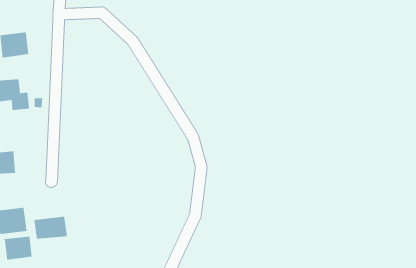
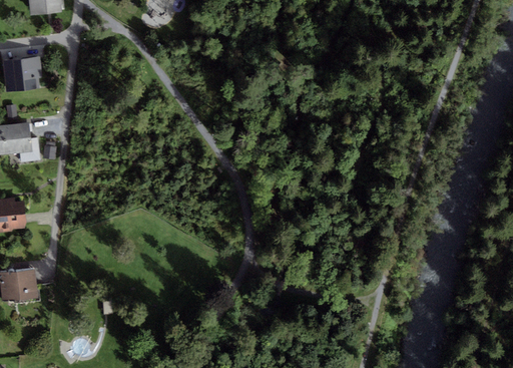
building: [34,216,67,240] -> none
building: [4,236,32,261] -> none

